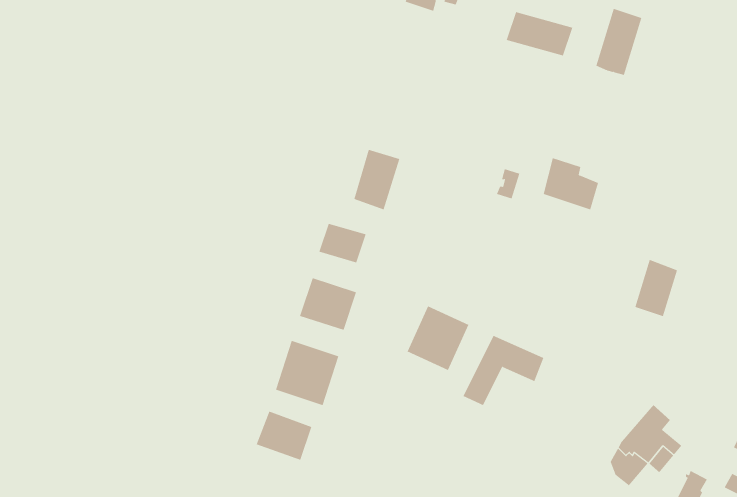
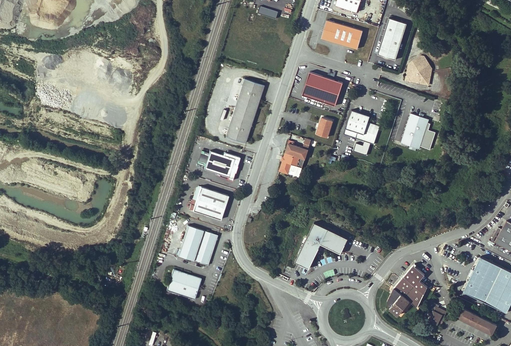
building: none -> [404,58,431,85]
building: none -> [302,72,343,106]
building: none -> [235,80,264,112]
building: none -> [279,141,307,174]
building: [635,259,678,317] -> [400,112,427,148]
building: [407,305,469,371] -> none

